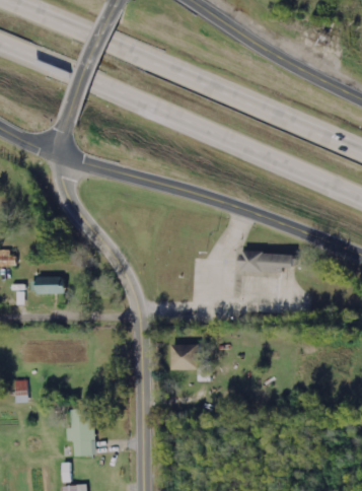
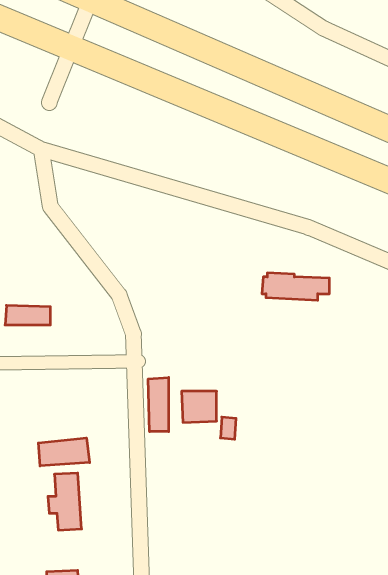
building: none -> [148,377,169,432]
building: none -> [38,438,90,466]

